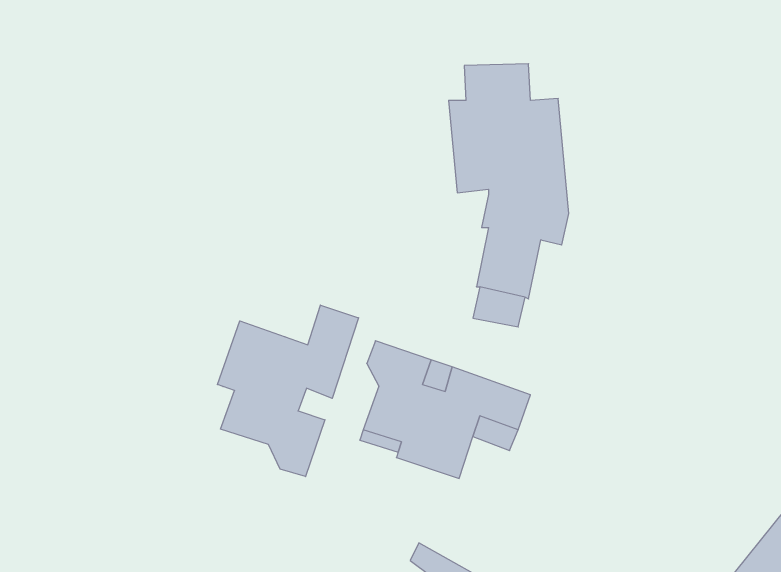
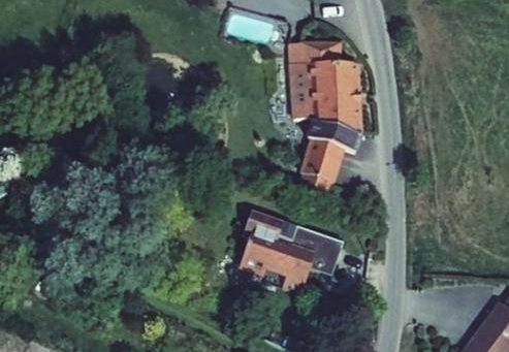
building: [217,305,359,477] -> none

